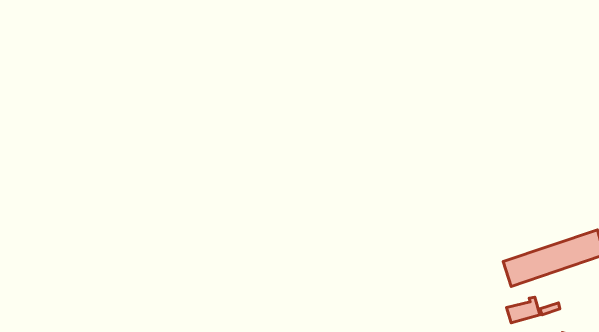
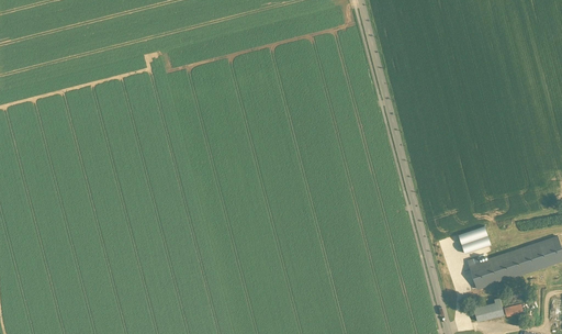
building: none -> [459,226,491,253]

